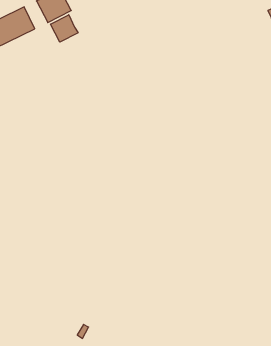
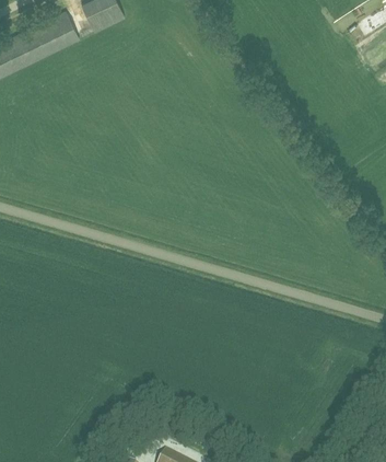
building: [51,15,78,42] -> none

